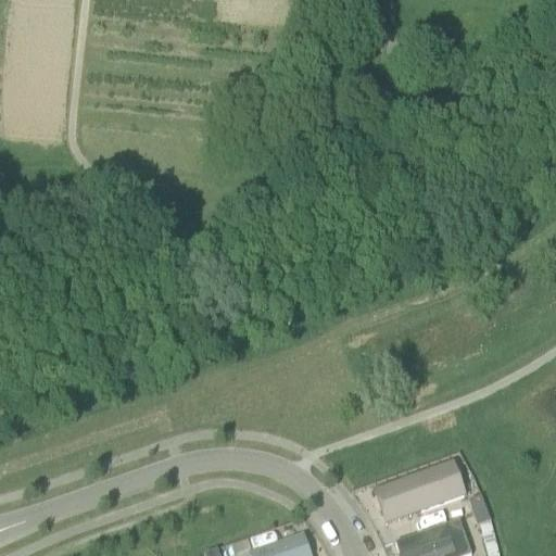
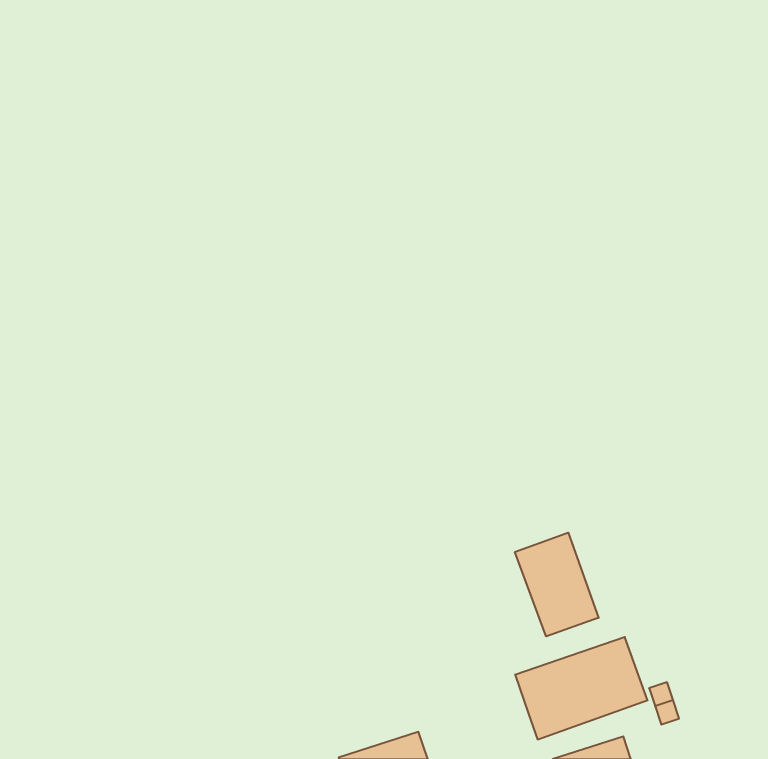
building: none -> [515,533,599,636]

